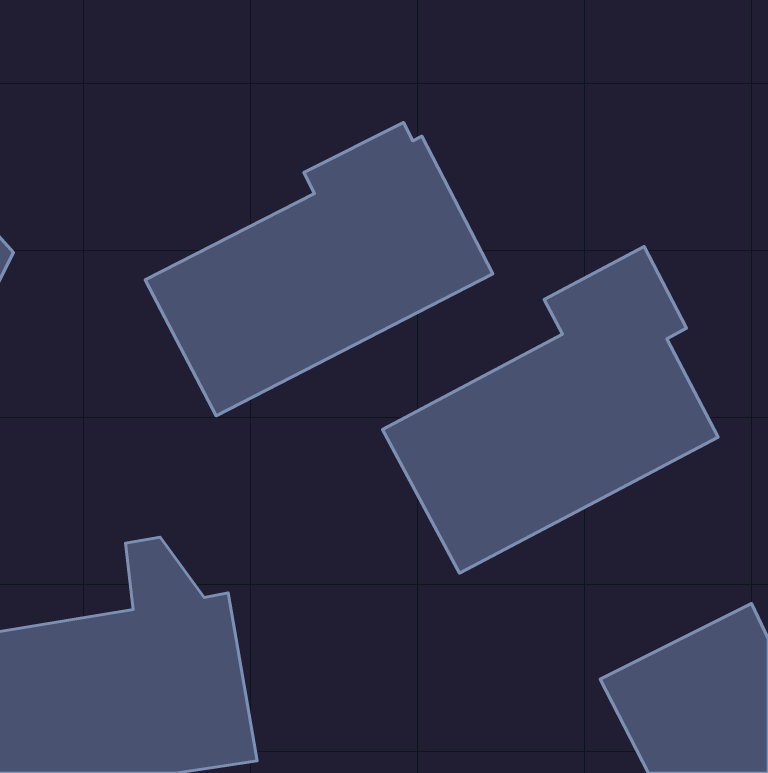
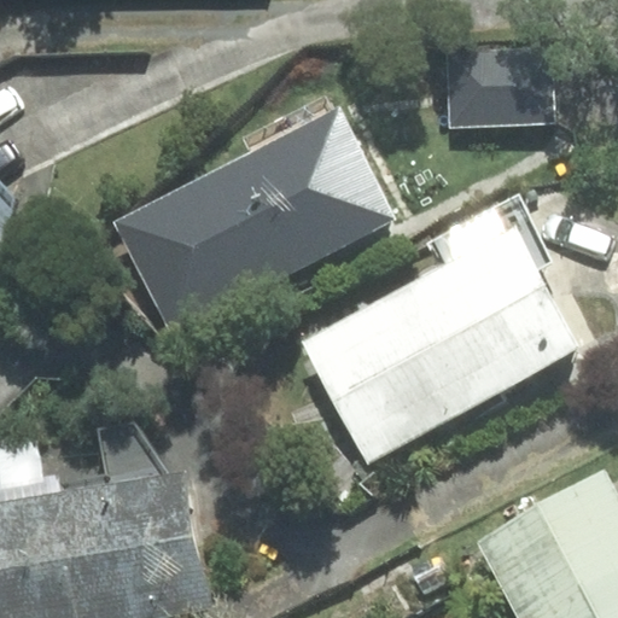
building: none -> [445,46,552,126]

